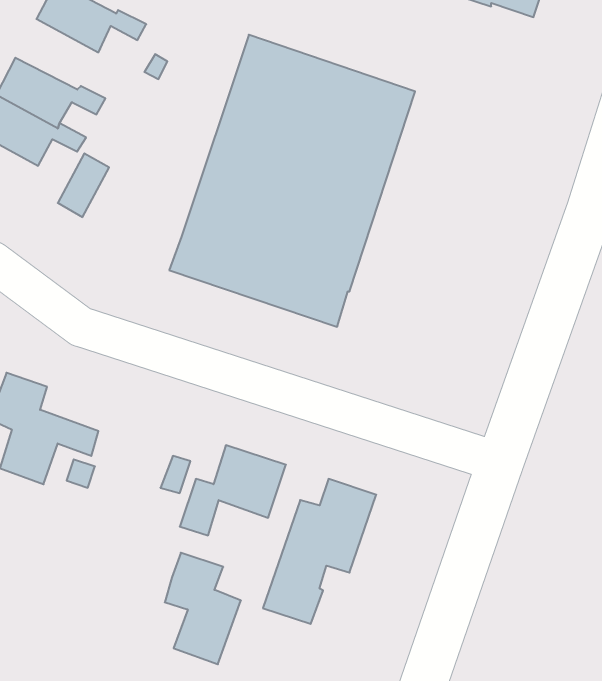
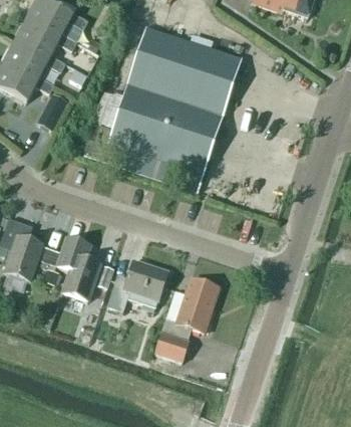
building: none -> [14,17,76,57]
building: [165,553,241,664] -> [57,237,100,300]

